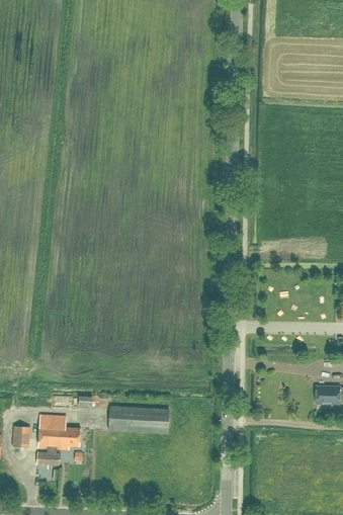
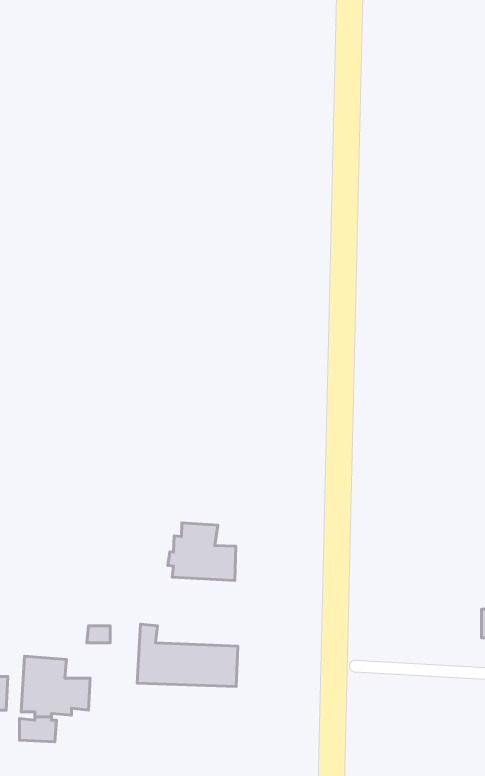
building: none -> [168,523,236,581]

